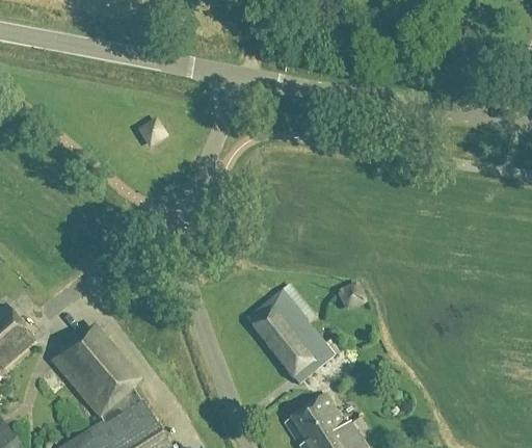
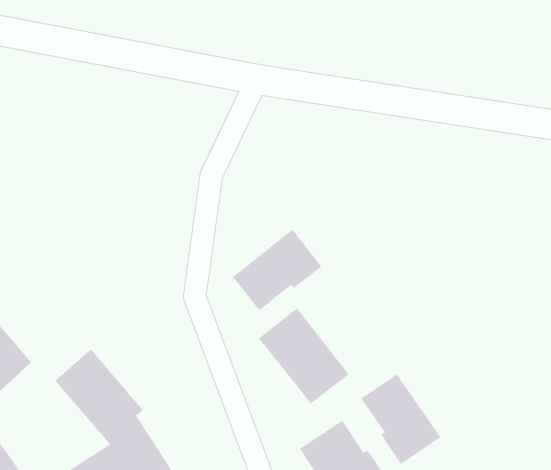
building: none -> [232,229,322,311]
building: none -> [361,373,441,465]

